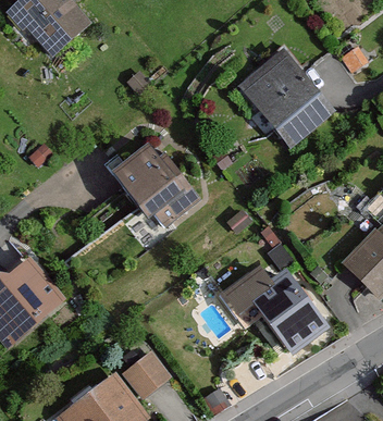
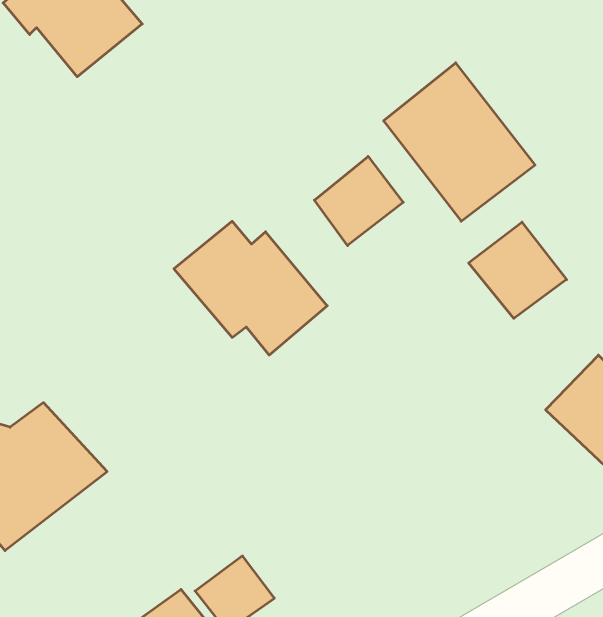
building: none -> [314,156,403,246]
building: none -> [469,222,567,318]
building: [221,261,325,350] -> none

